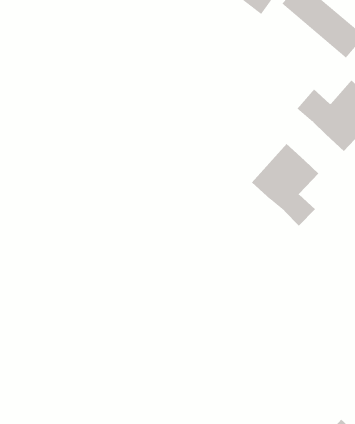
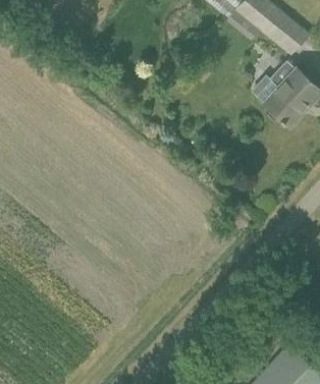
building: [251,143,319,226] -> none

